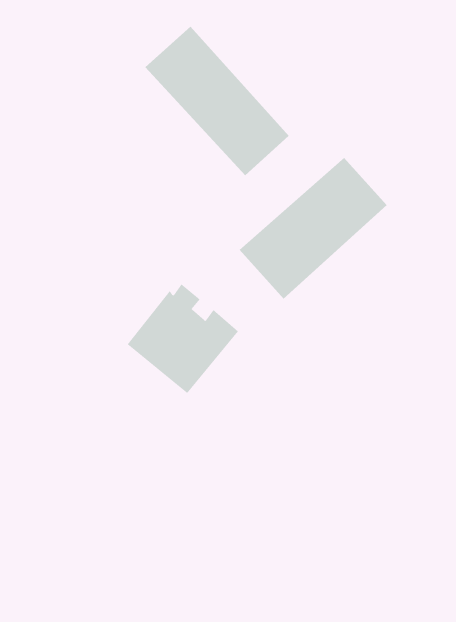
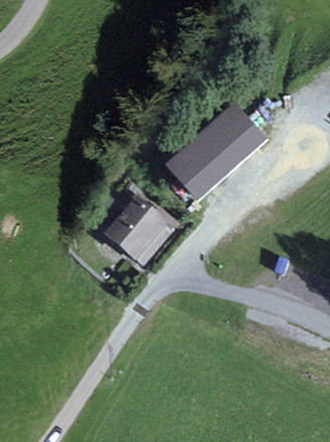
building: [144,26,289,176] -> none

